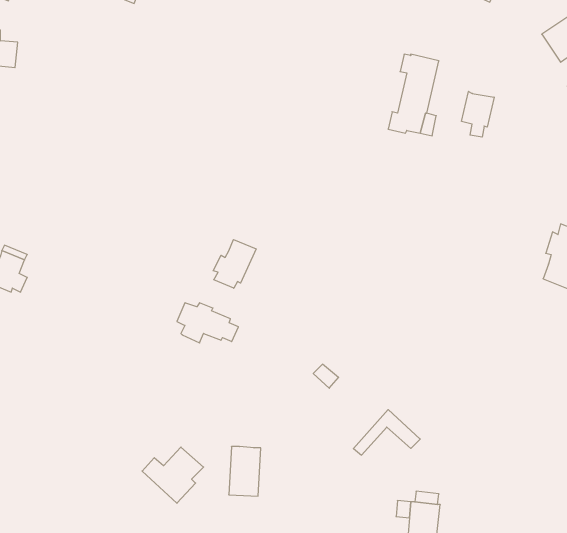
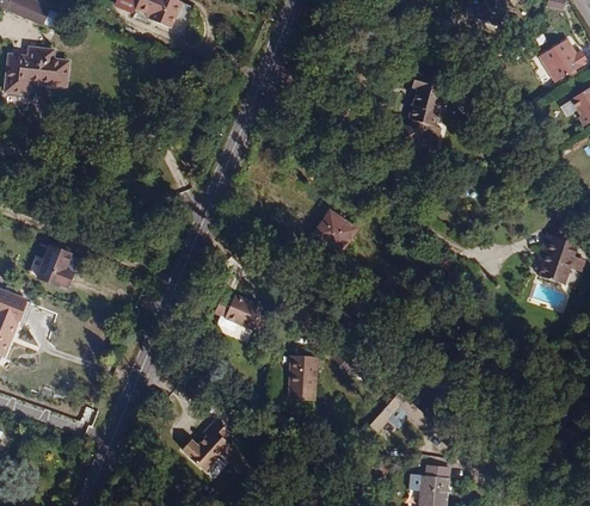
building: [462,91,494,137] -> none
building: none -> [312,214,354,254]
building: [213,240,256,288] -> none
building: [229,447,261,496] -> [285,356,314,400]

